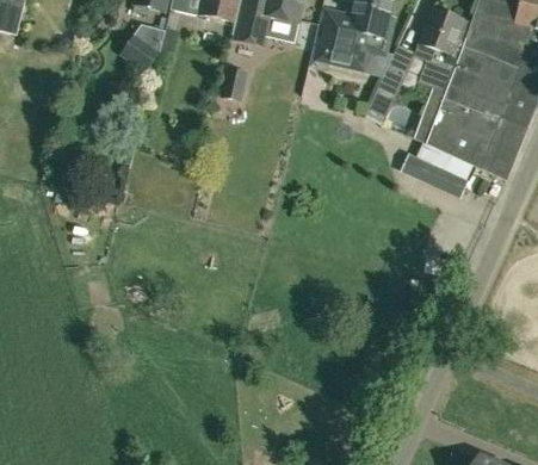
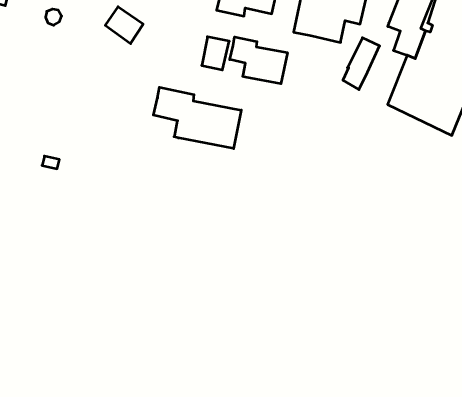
building: none -> [230,37,287,84]
building: none -> [153,87,241,149]
building: [401,150,469,196] -> none

